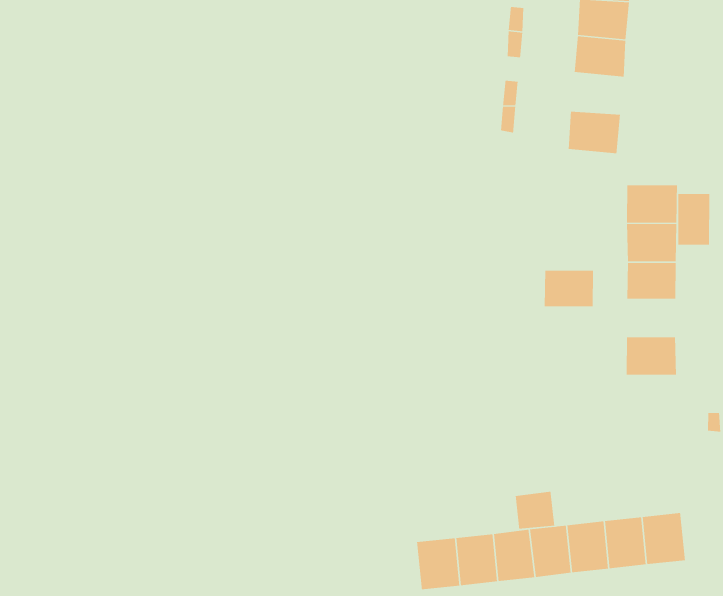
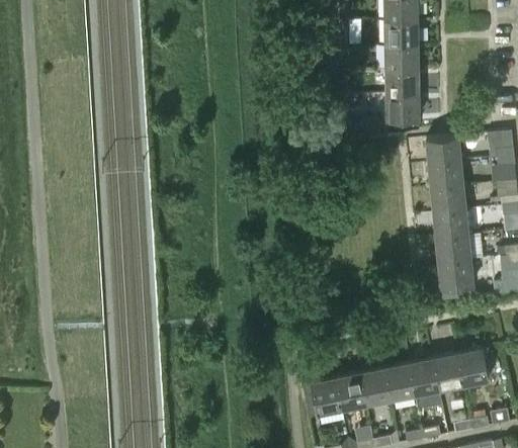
building: none -> [384,70,418,95]
building: [677,193,710,246] -> none
building: [544,270,594,307] -> [433,211,467,239]
building: none -> [437,261,472,289]
building: [515,491,555,529] -> none

